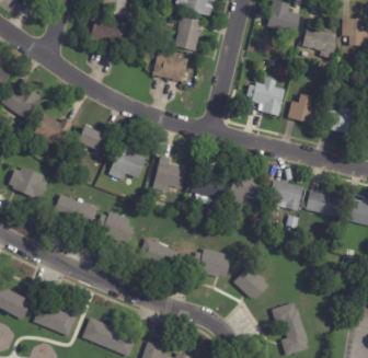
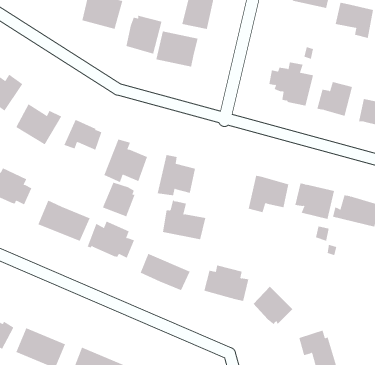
building: none -> [126,15,162,55]
building: [191,165,228,199] -> [162,200,206,240]
building: none -> [102,182,135,217]

